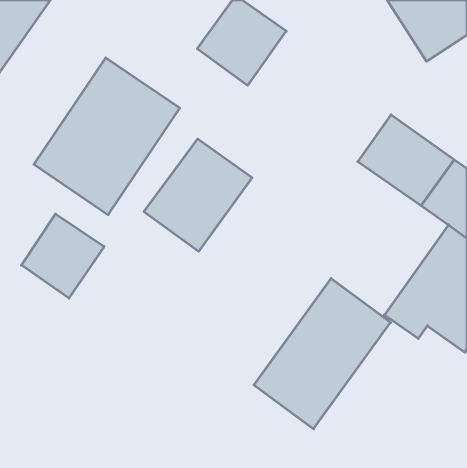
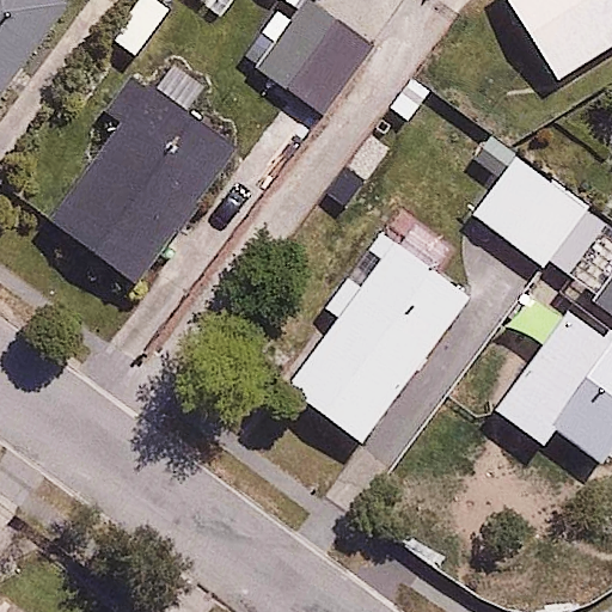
building: [144,139,252,251] -> none
building: [21,214,104,298] -> none
building: [254,278,391,429] -> [290,241,469,437]

